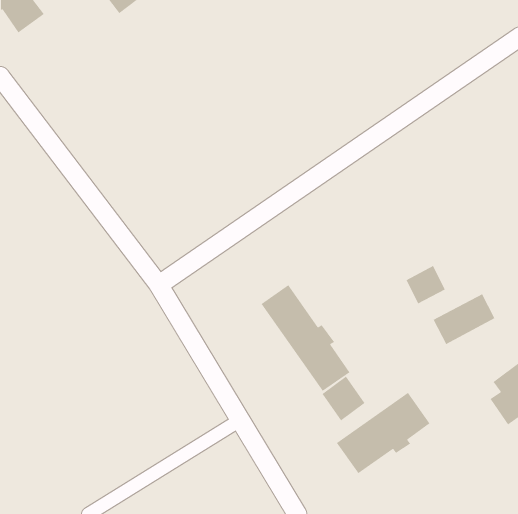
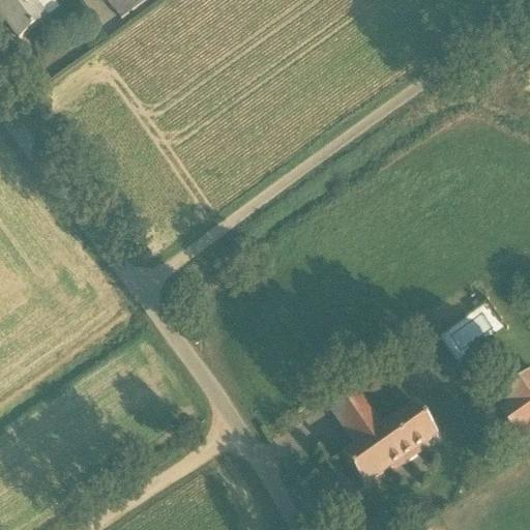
building: [406,265,446,305] -> none
building: [260,284,350,392] -> none

